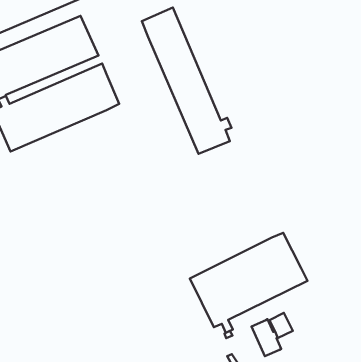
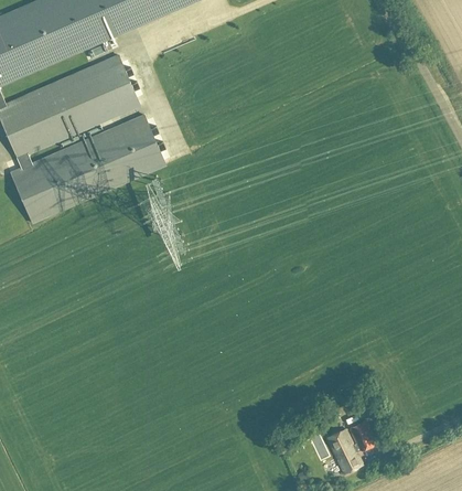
building: [142,8,231,154] -> none
building: [190,233,308,333] -> none

